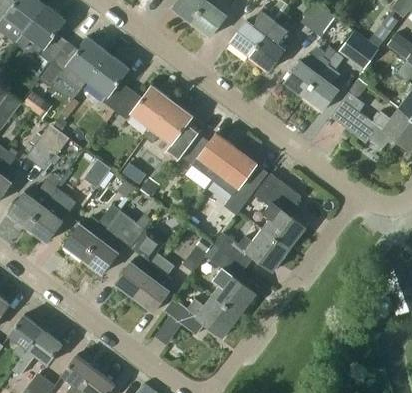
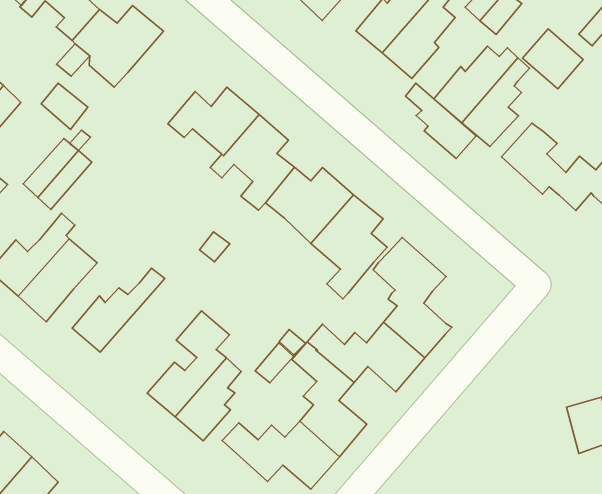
building: [87,52,131,111] -> none
building: none -> [405,83,476,158]
building: [83,160,115,189] -> none
building: [82,210,145,274] -> none

